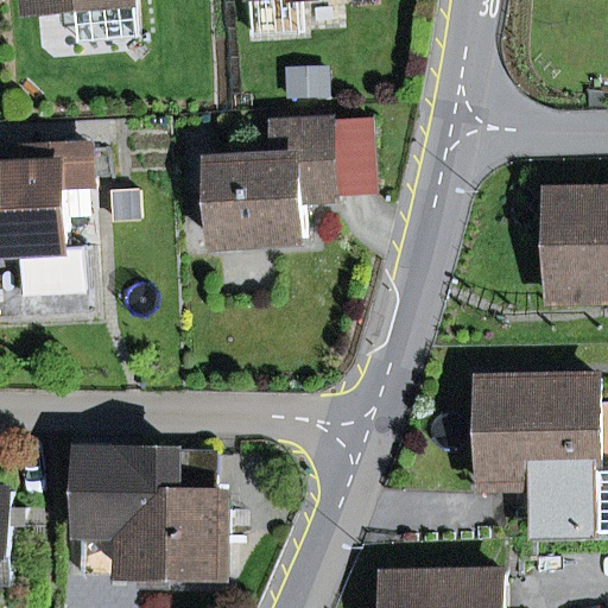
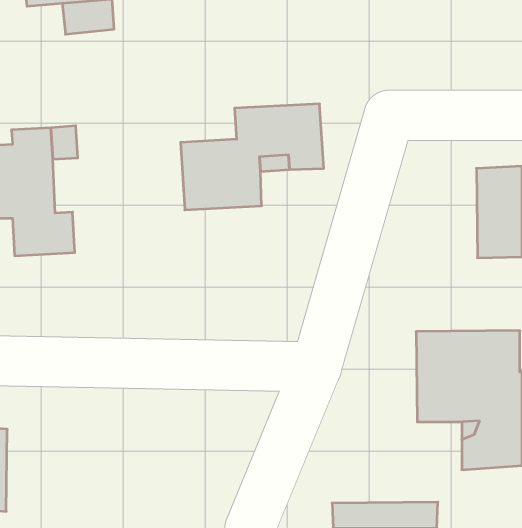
building: [75,449,218,576] -> none

